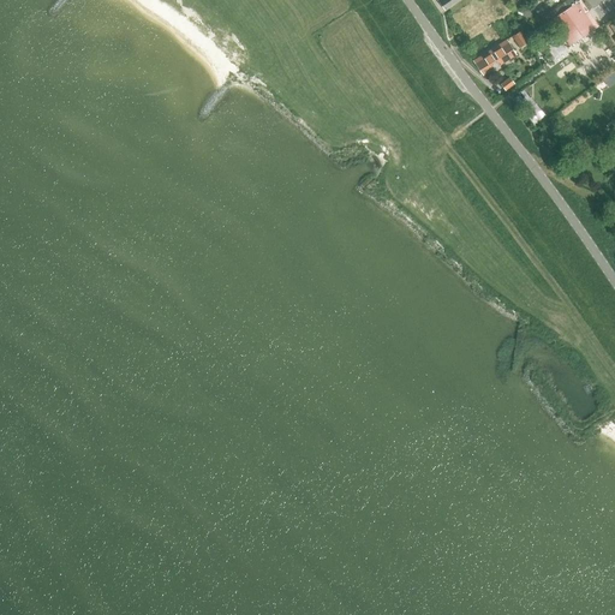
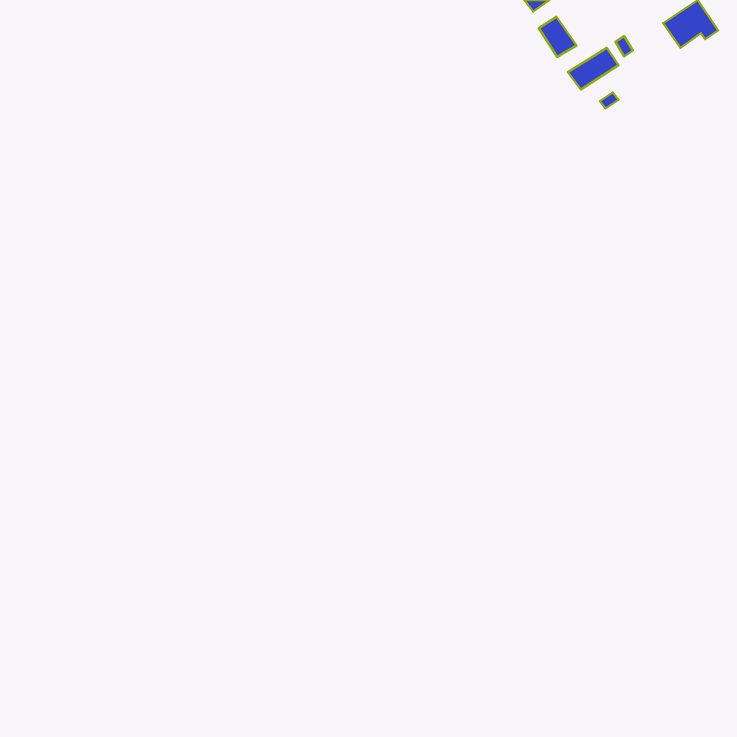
building: none -> [539,17,576,57]

